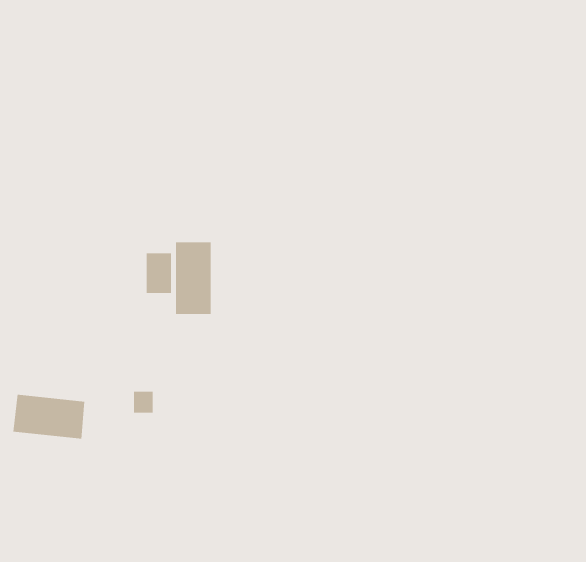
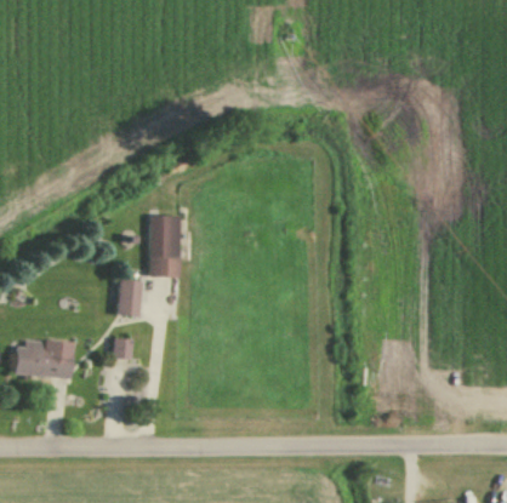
building: [146,253,172,293] -> [118,280,139,314]

